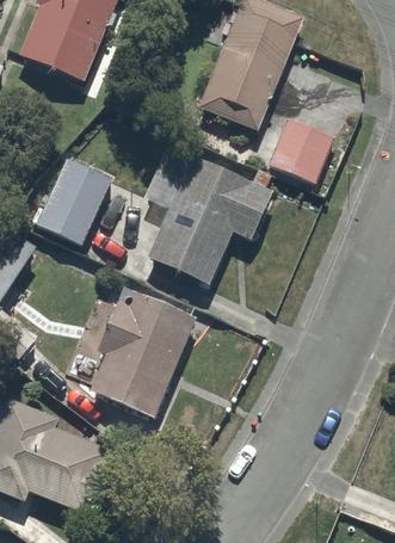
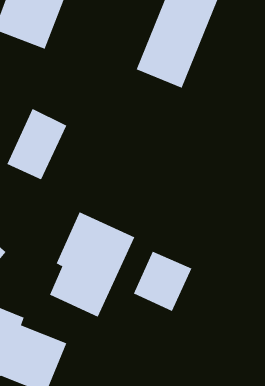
building: [267,113,335,181] -> none
building: [143,144,272,284] -> none
building: none -> [133,251,192,312]

